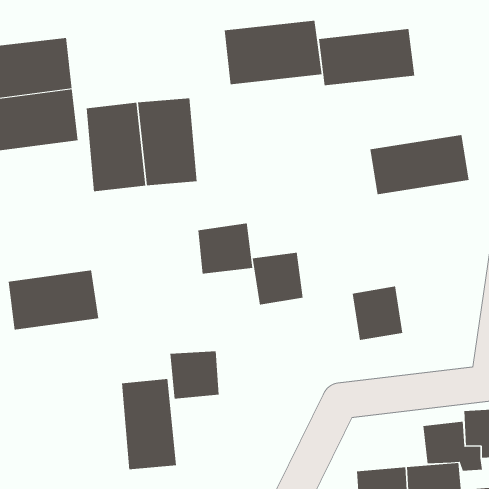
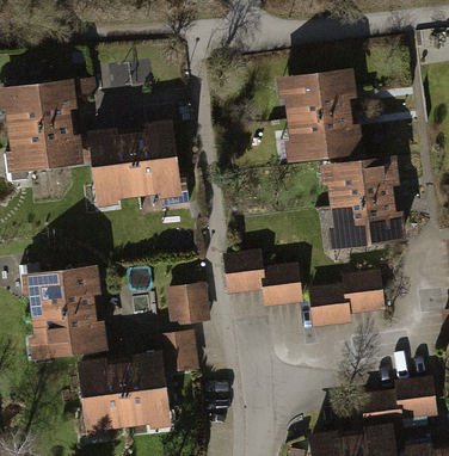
building: [224,20,322,85] -> [282,109,362,161]
building: none -> [325,193,406,245]
building: [197,223,253,274] -> [168,282,214,323]
building: none -> [264,264,306,308]
building: none -> [340,269,382,313]
building: none -> [30,306,104,353]
building: none -> [76,358,123,432]

